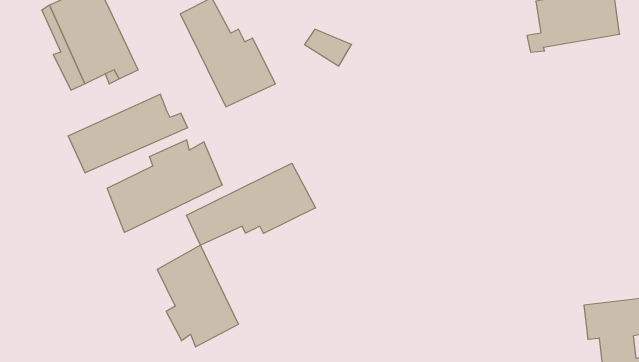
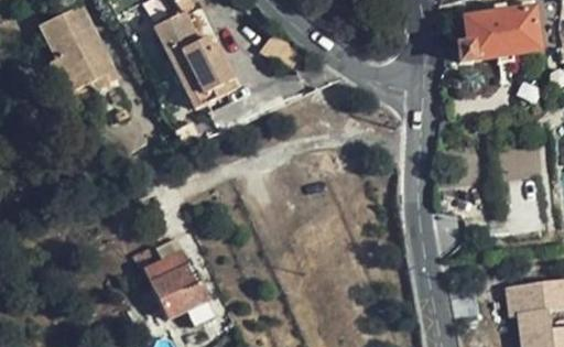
building: [68,94,187,173] -> none
building: [107,140,222,232] -> none
building: [187,163,316,245] -> none

